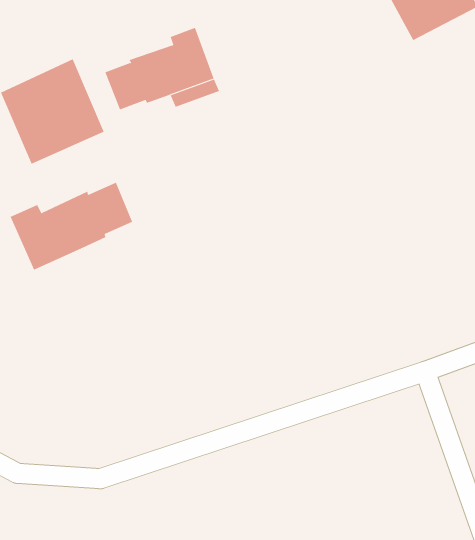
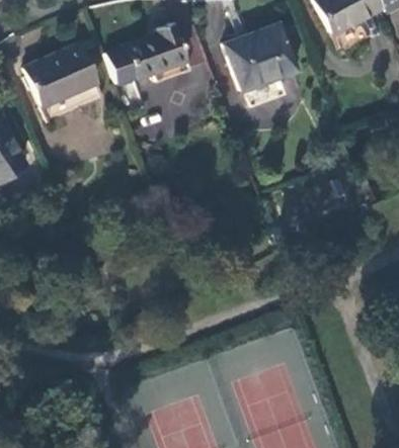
building: none -> [224,23,296,91]
building: [10,182,133,270] -> none

